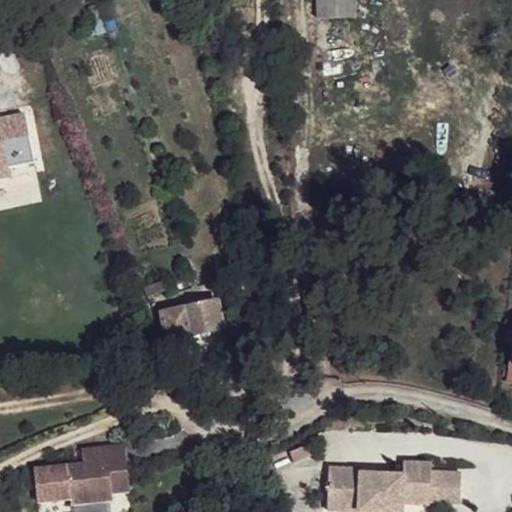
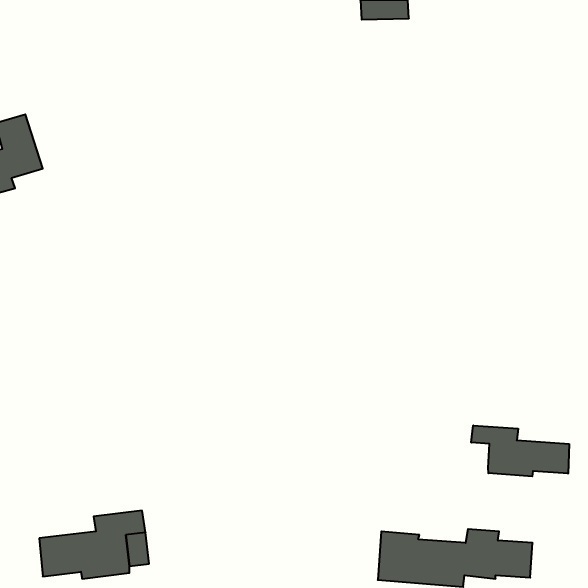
building: [158,304,219,346] -> none
building: none -> [471,425,569,476]

